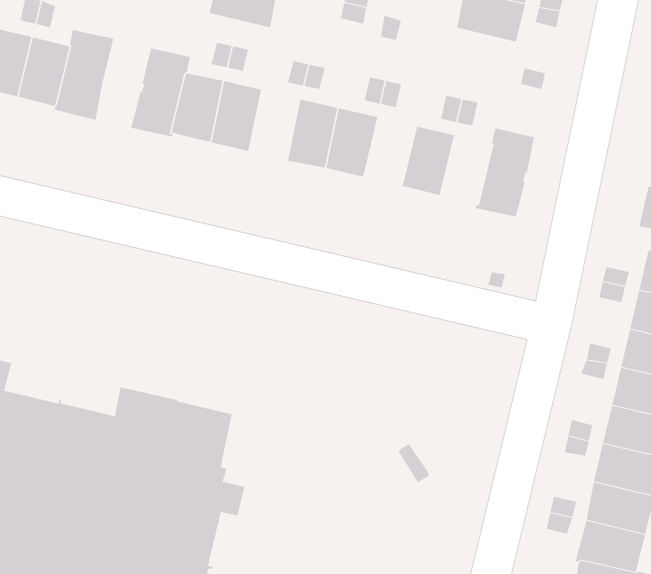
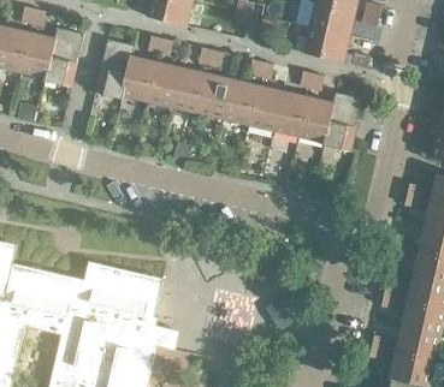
building: none -> [303,25,350,61]
building: none -> [173,66,207,113]
building: none -> [249,84,284,130]
building: none -> [300,96,335,142]

